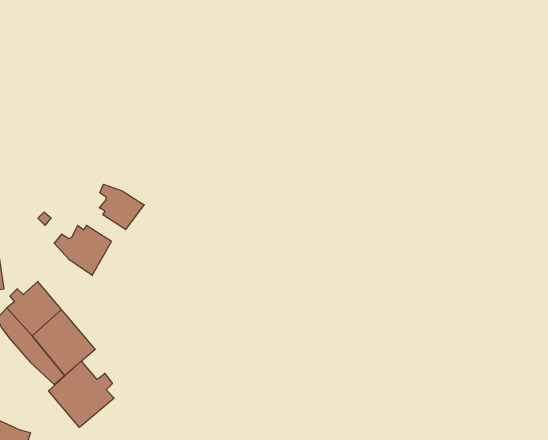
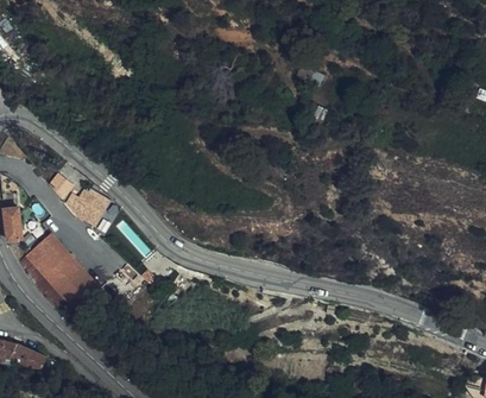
building: [99,184,144,230] -> none
building: [49,361,114,427] -> none

